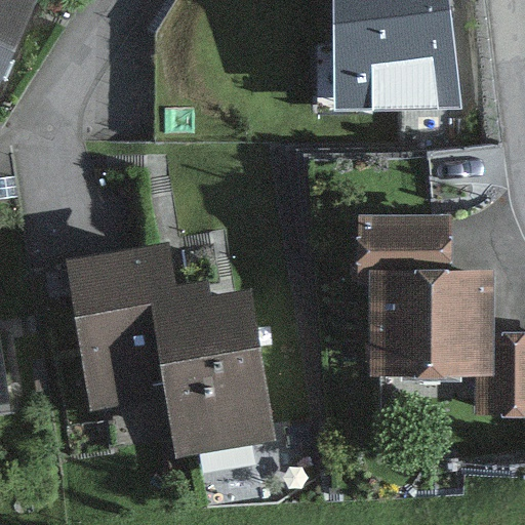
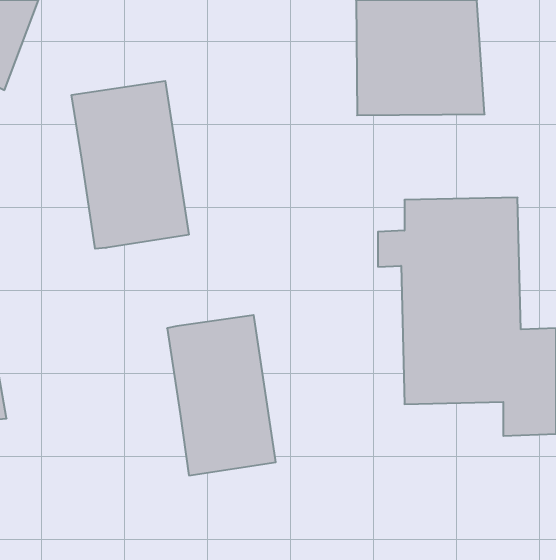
building: none -> [72,81,189,249]
building: [71,252,168,399] -> none

